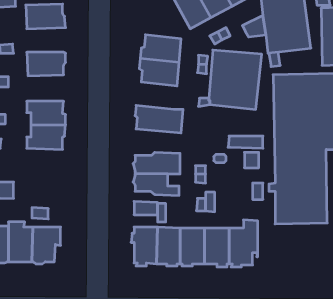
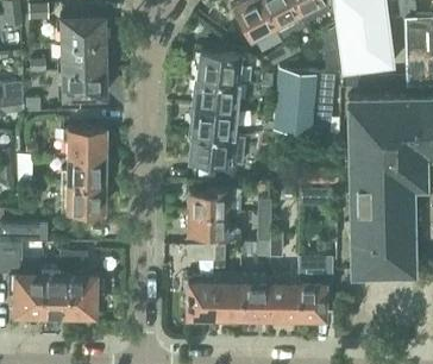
building: none -> [63,44,108,73]
building: none -> [190,107,238,139]
building: none -> [62,184,107,213]

